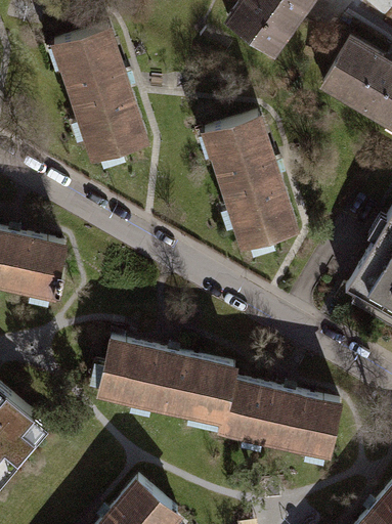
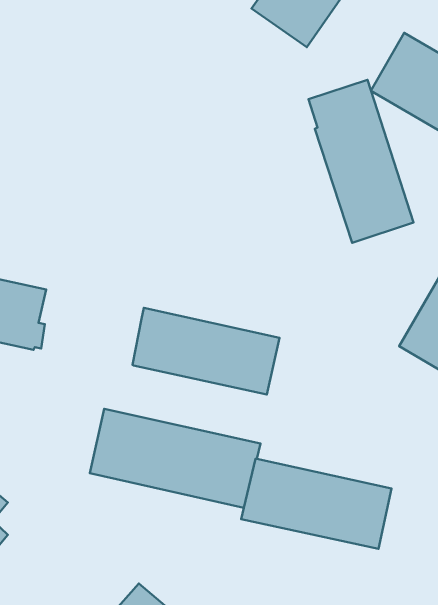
building: [57,27,142,157] -> none
building: [208,115,292,245] -> [308,80,414,243]
building: none -> [132,308,279,394]

